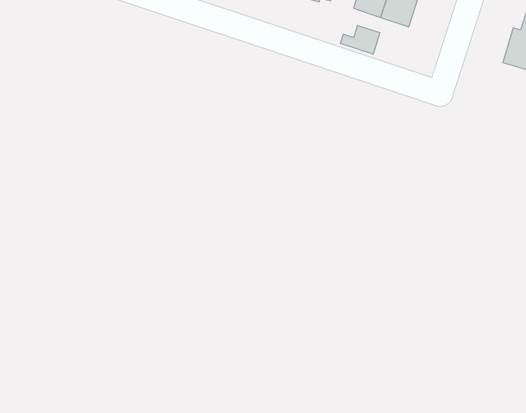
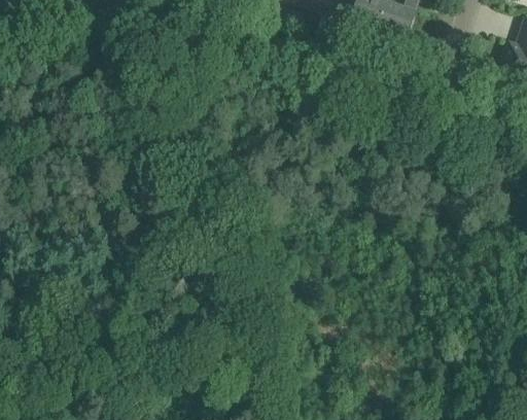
building: [341,25,380,54] -> none

